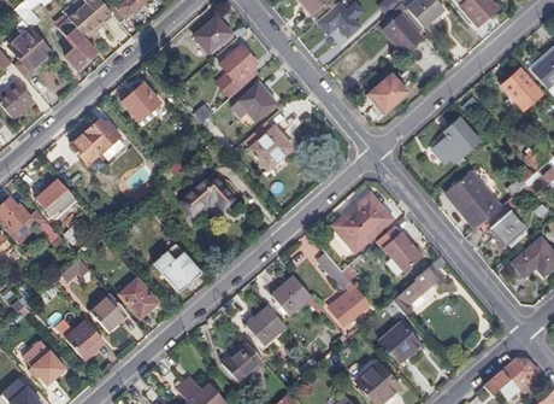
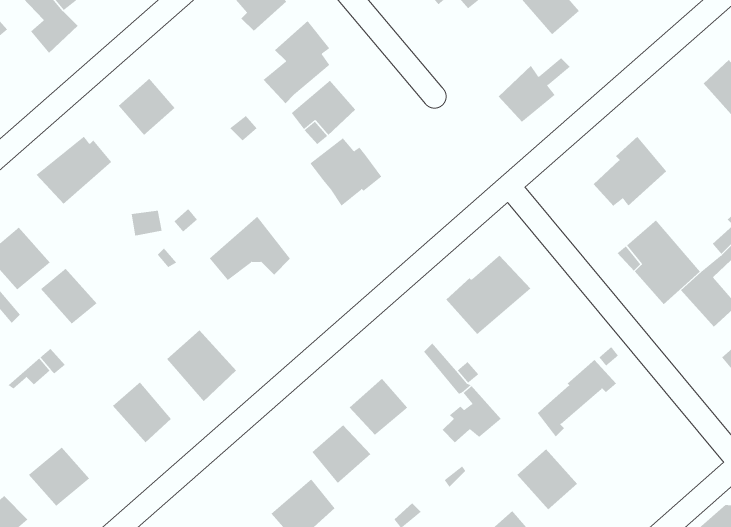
building: none -> [40,268,97,325]
building: [375,226,419,271] -> none
building: [88,294,126,332] -> none

